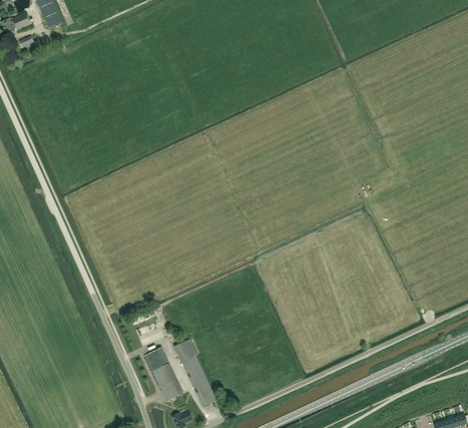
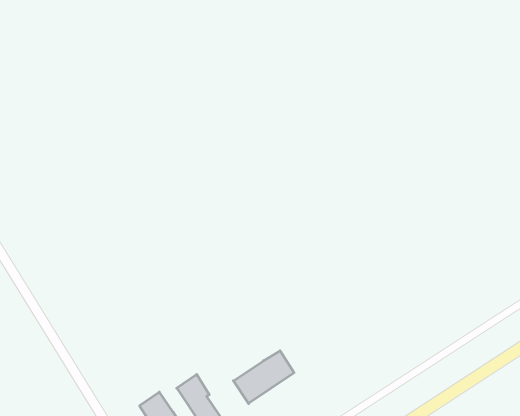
building: none -> [233,351,294,404]

